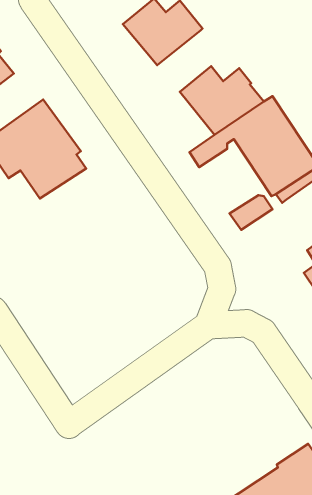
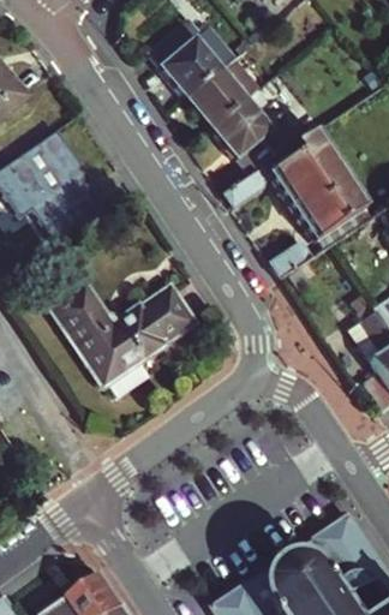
building: none -> [185,56,257,125]
building: none -> [50,286,191,387]

